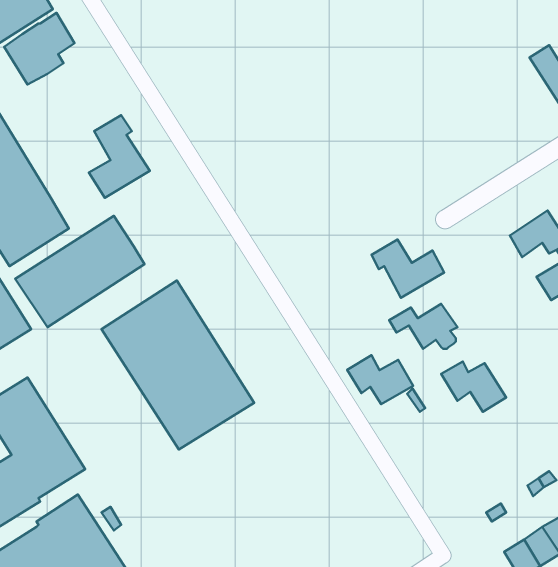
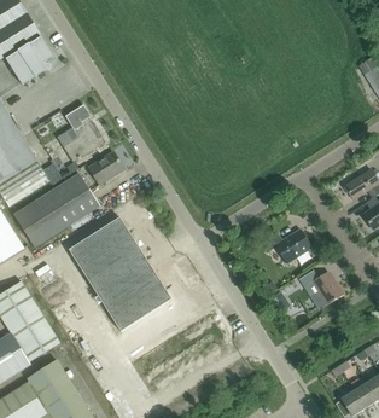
building: none -> [87,151,122,184]
building: [371,240,444,298] -> none
building: [347,355,413,404] -> none

